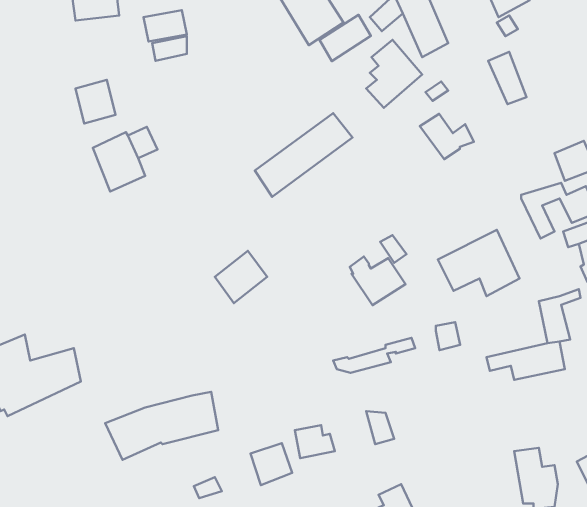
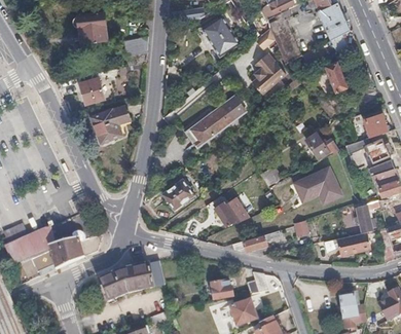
building: [319,15,371,61] -> none
building: [420,114,474,159] -> [305,132,337,158]
building: [350,256,405,305] -> [214,196,247,225]
building: [250,443,292,485] -> [230,300,255,325]

